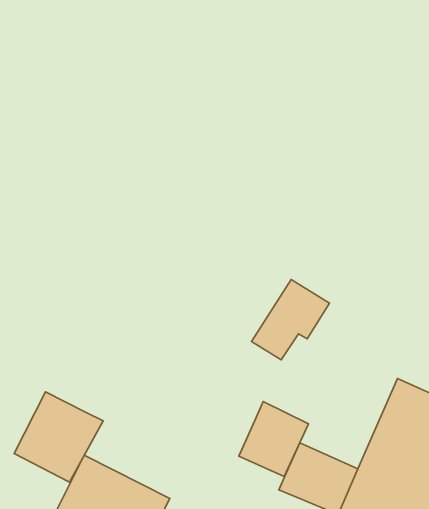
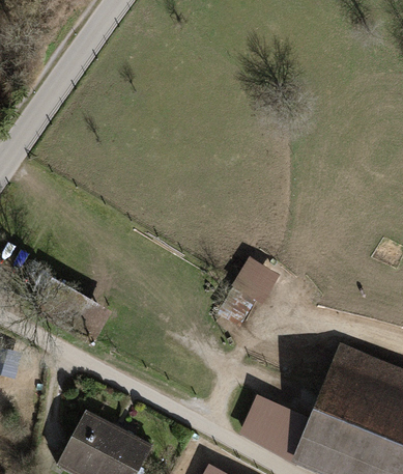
building: [14,392,103,482] -> none
building: [239,402,308,477] -> none

